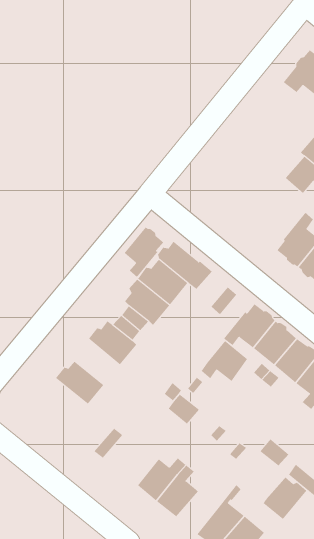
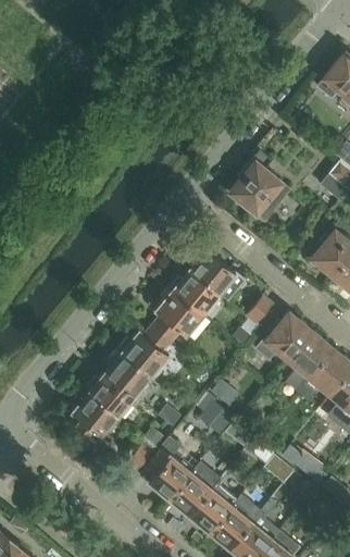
building: none -> [230,151,289,220]
building: [124,227,164,278] -> none
building: none -> [104,349,151,397]
building: [201,340,248,382] -> none
building: none -> [72,389,118,437]
building: none -> [145,437,190,499]
building: [263,476,307,520] -> none
building: none -> [209,506,251,549]

